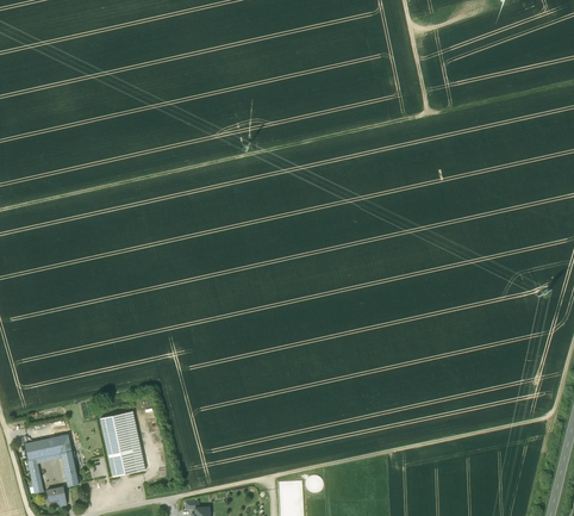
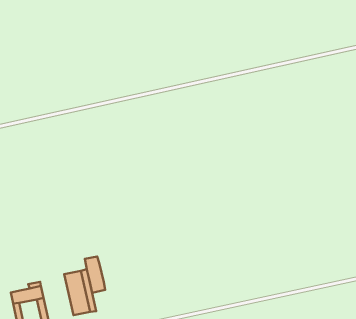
building: none -> [85,256,105,293]

